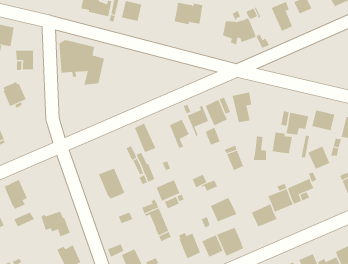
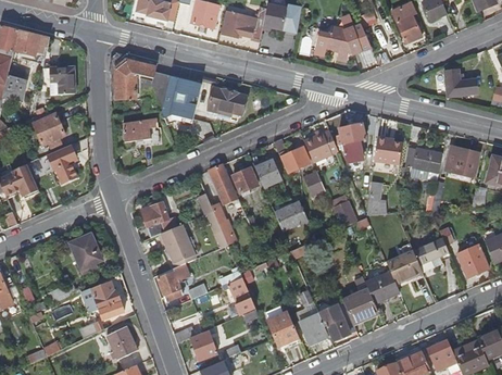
building: none -> [219,9,265,39]
building: none -> [444,70,476,97]
building: none -> [162,78,201,123]
building: none -> [208,88,244,118]
building: none -> [127,118,162,141]
building: none -> [45,147,75,185]
building: none -> [234,167,259,197]
building: [272,132,293,154] -> [375,135,403,164]
building: [307,146,330,170] -> [457,245,488,276]
building: none -> [145,199,186,237]
building: [4,179,27,209] -> [71,234,102,274]
building: [156,179,180,201] -> [275,201,308,230]
building: none -> [158,262,191,297]
building: [210,197,237,222] -> [342,289,378,323]

